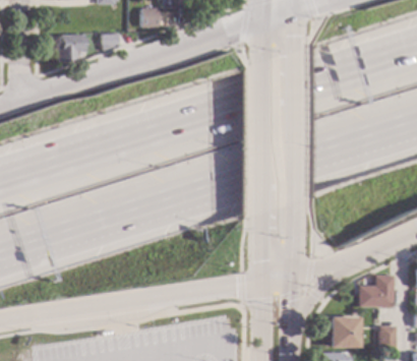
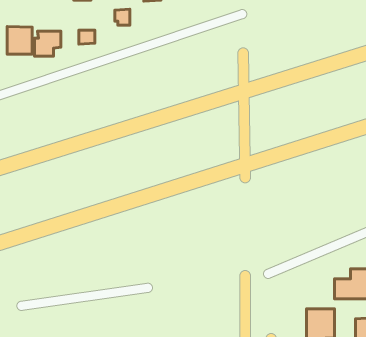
building: none -> [7,26,32,54]

